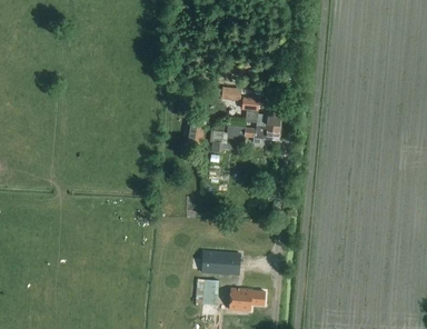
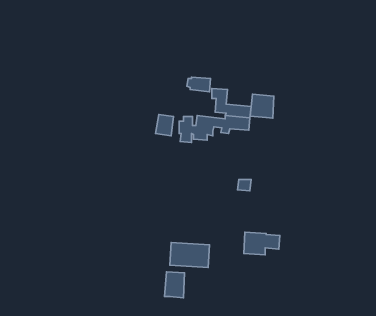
building: none -> [250,94,274,118]
building: [229,288,265,310] -> [244,232,280,255]

